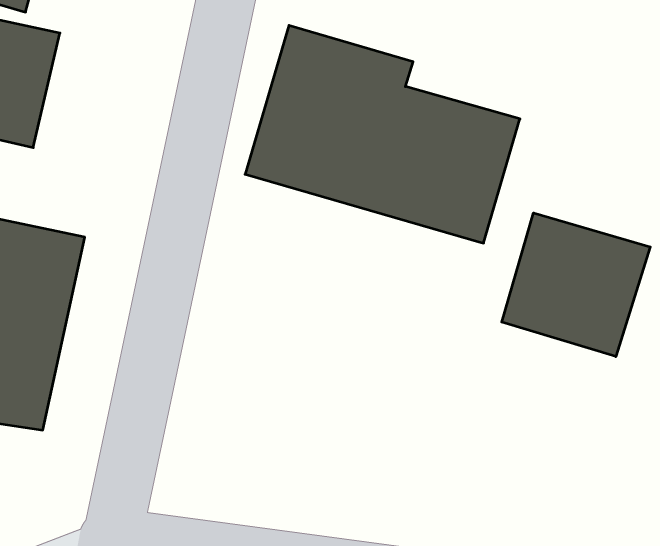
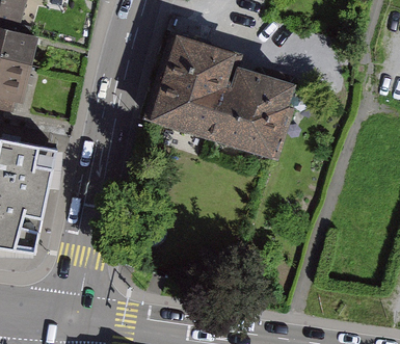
building: [502,213,650,357] -> none

